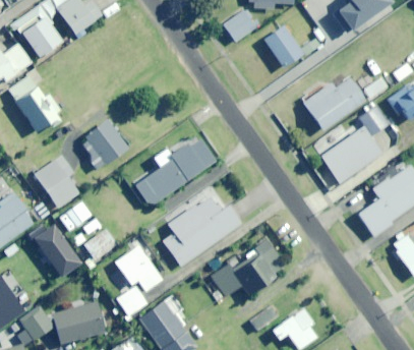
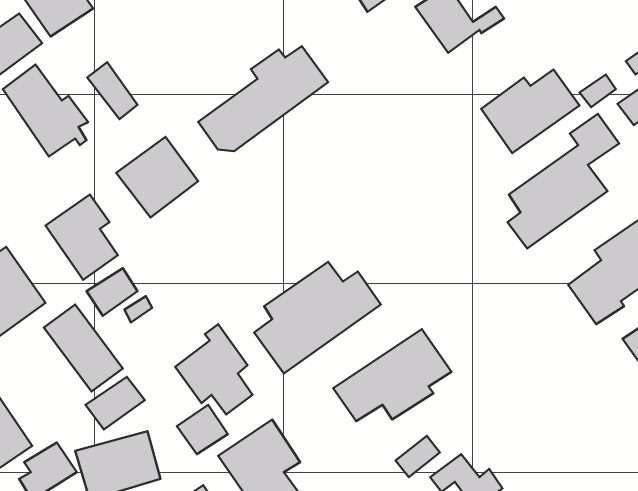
building: none -> [87,62,138,119]
building: [133,138,214,203] -> [198,46,328,151]
building: [79,230,116,262] -> [86,377,145,430]

